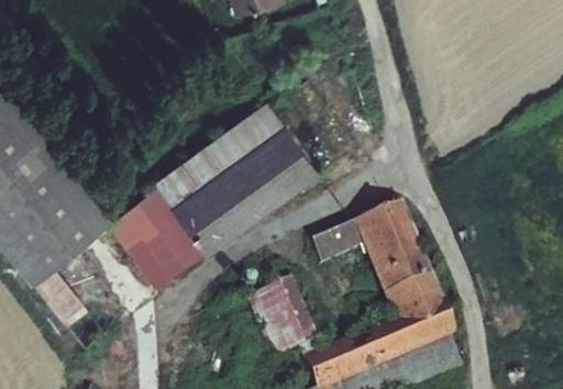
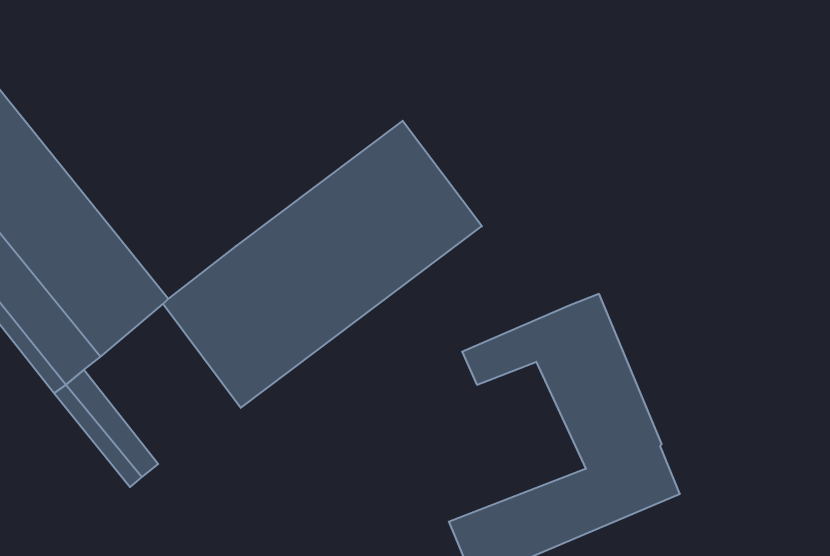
building: [255,284,320,358] -> none

